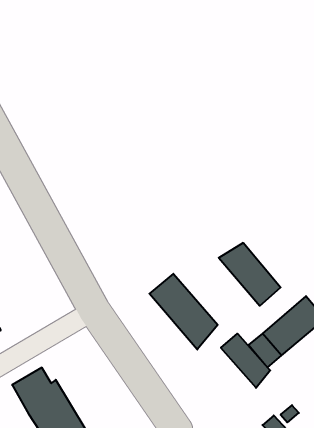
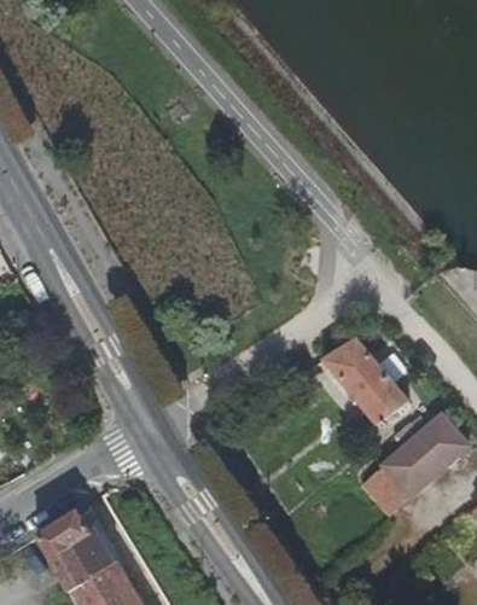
building: [149,274,218,350] -> none
building: [221,334,270,388] -> none

